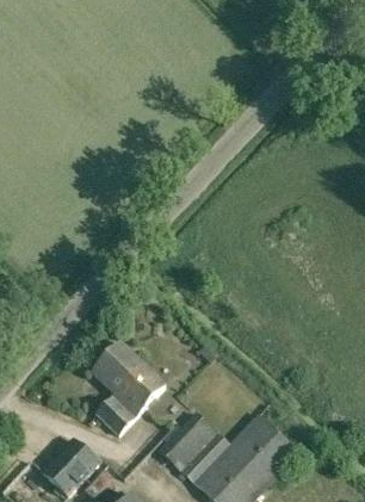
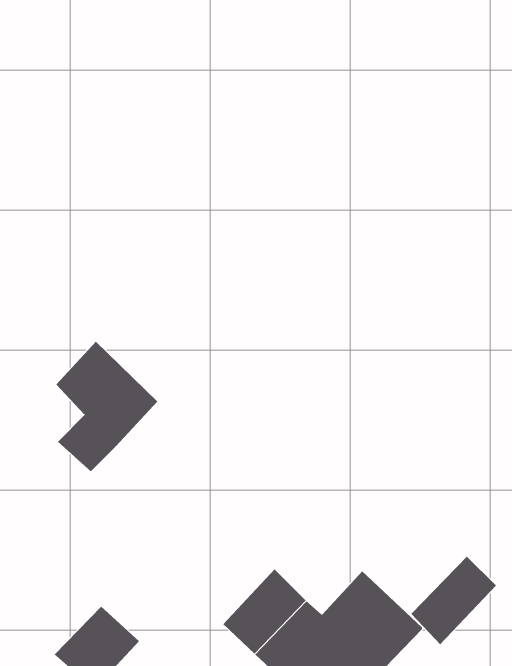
building: [93,341,166,434] -> [55,341,158,472]
building: none -> [411,556,497,645]

